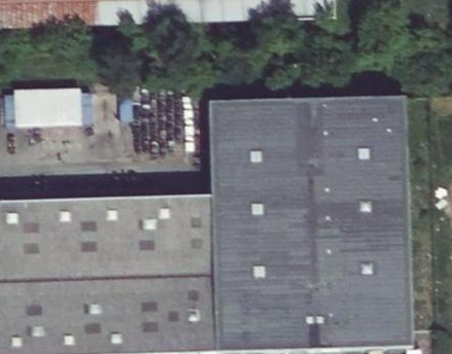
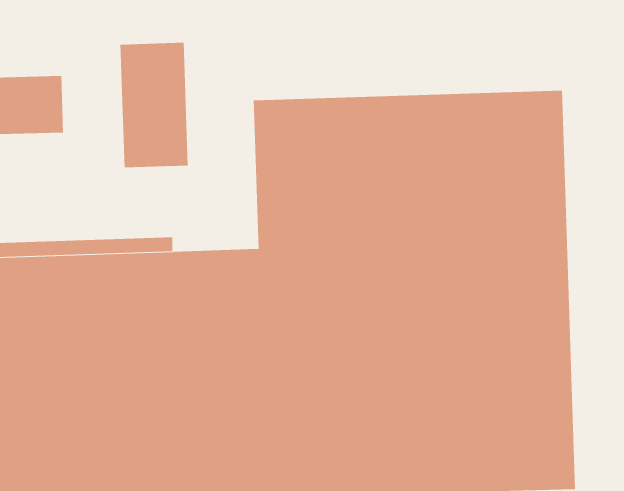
building: none -> [120,42,188,168]

